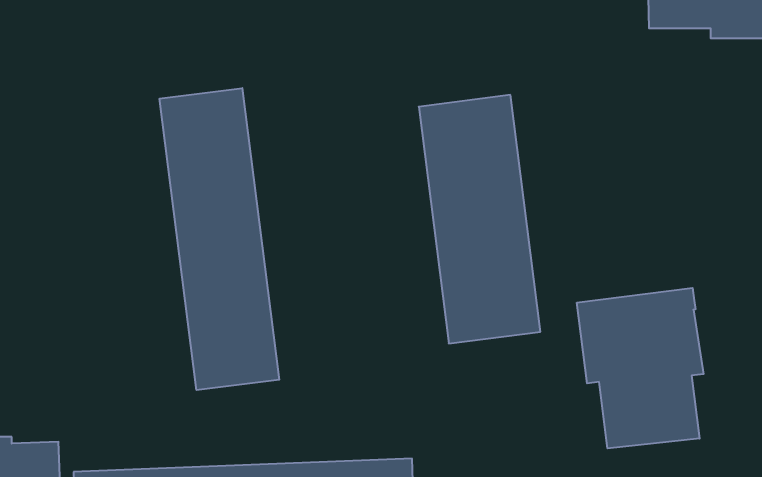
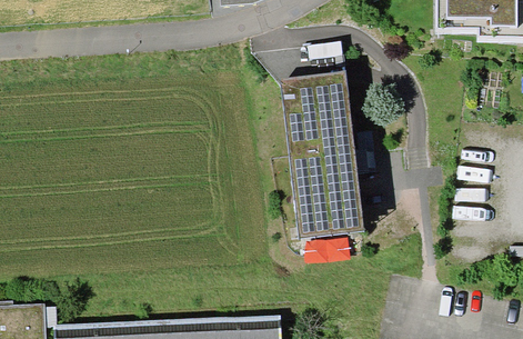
building: [160,88,279,390] -> none
building: [577,288,704,448] -> none

